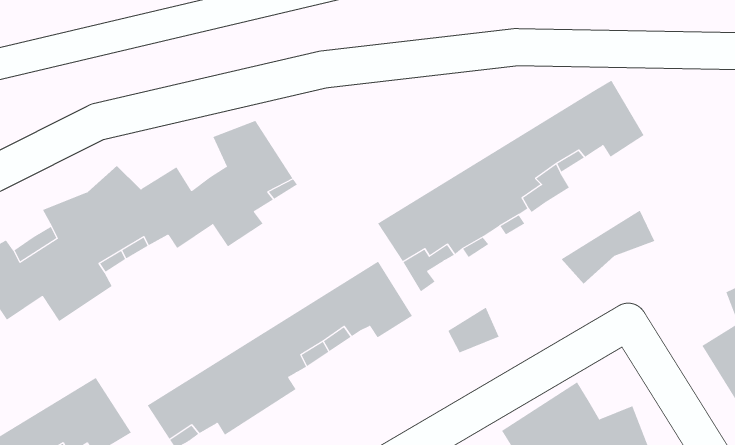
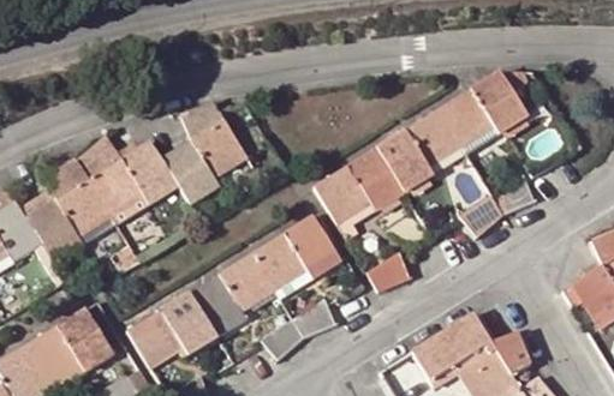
building: none -> [258,299,335,359]

